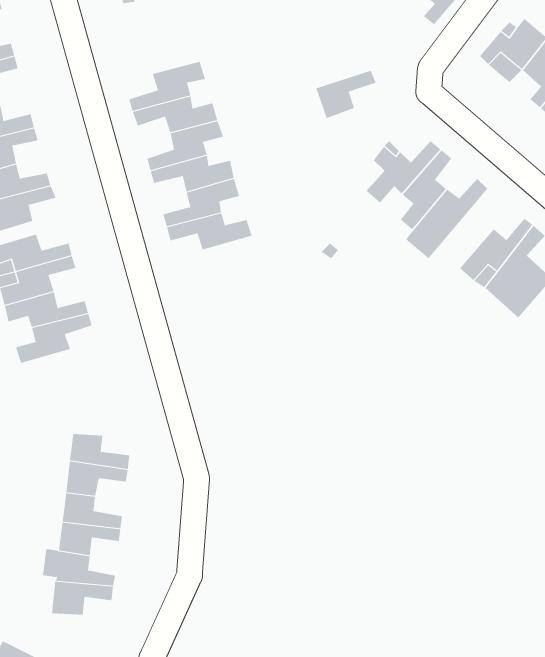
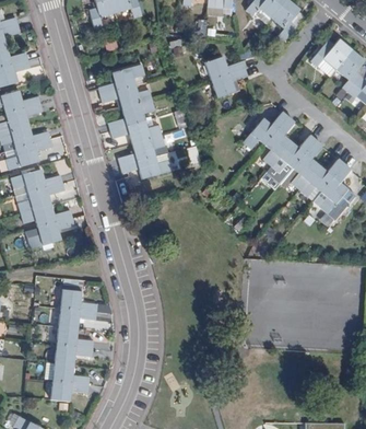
building: none -> [203,58,244,81]
building: none -> [290,142,321,190]

